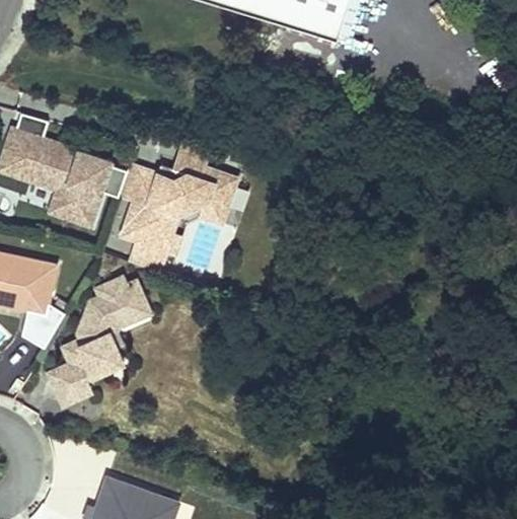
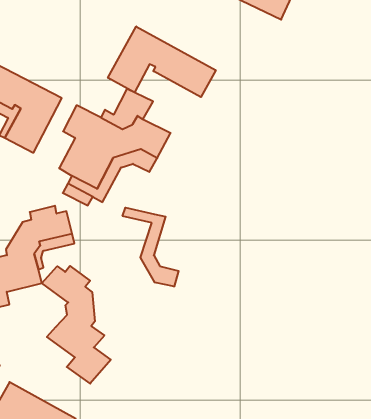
building: none -> [108,26,216,97]
building: none -> [123,208,179,287]
building: none -> [42,266,111,384]

